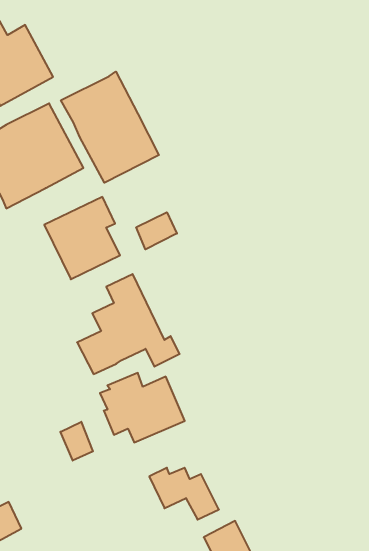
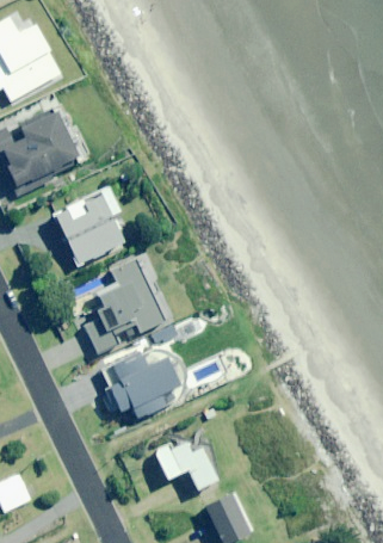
building: [61,72,159,183] -> none
building: [136,212,177,249] -> none
building: [60,422,93,461] -> none

